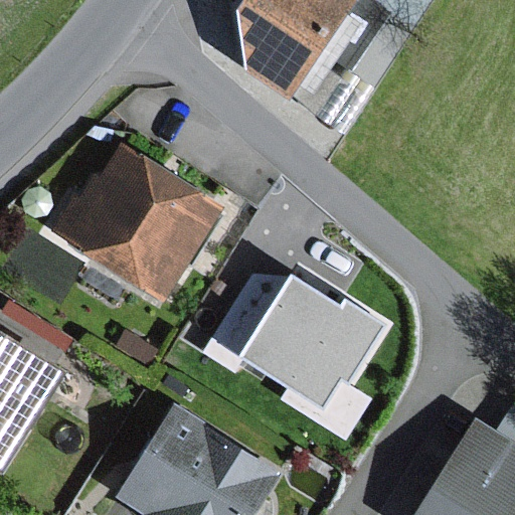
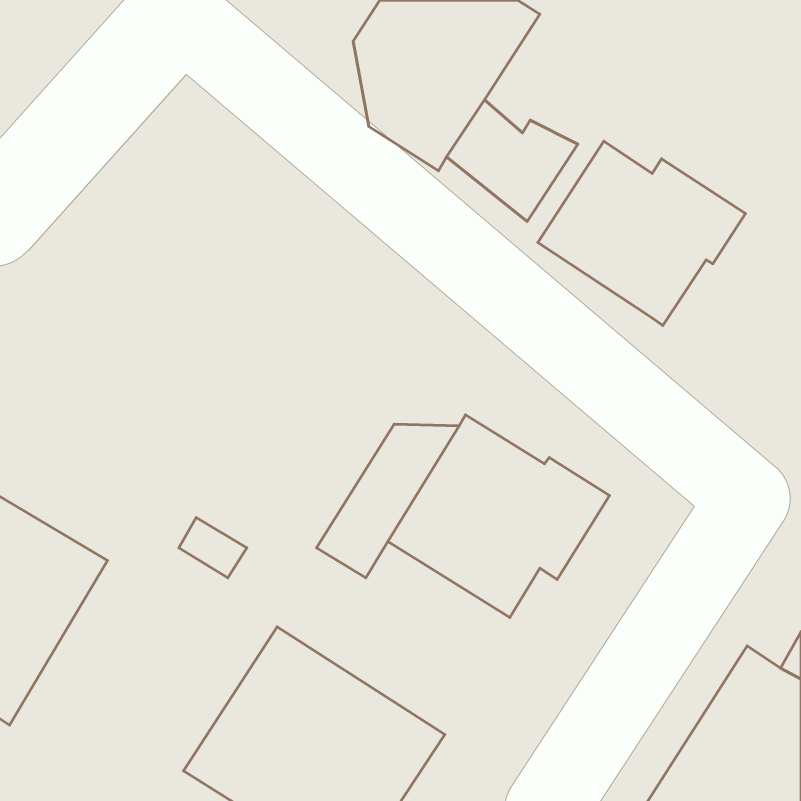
building: none -> [538,141,745,325]
building: [45,140,233,313] -> none

